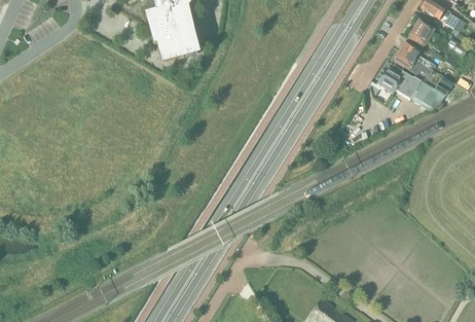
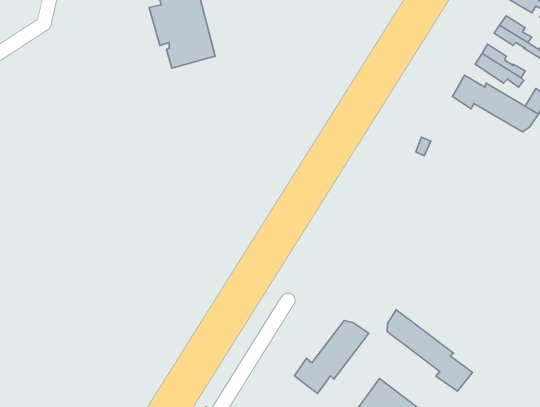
building: none -> [387,310,472,391]
building: none -> [295,321,369,394]

